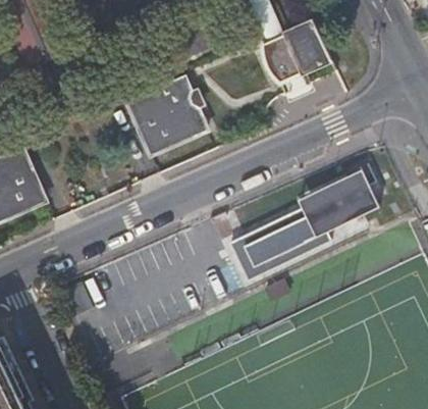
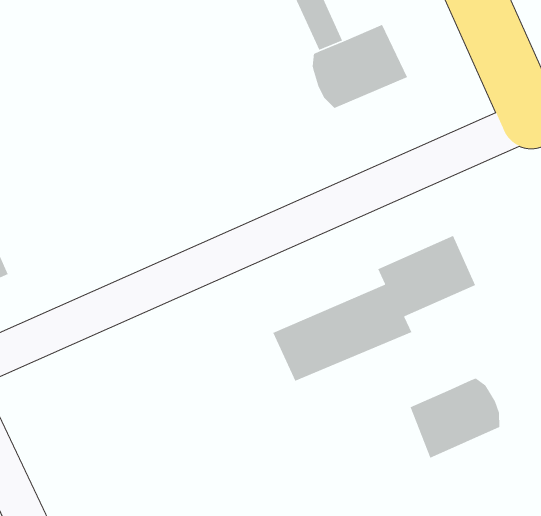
building: [127,75,207,152] -> none
building: none -> [409,378,500,459]

